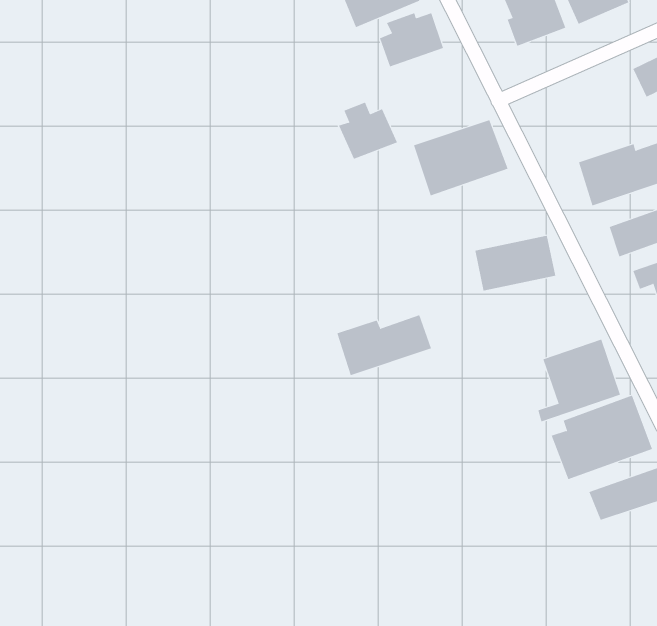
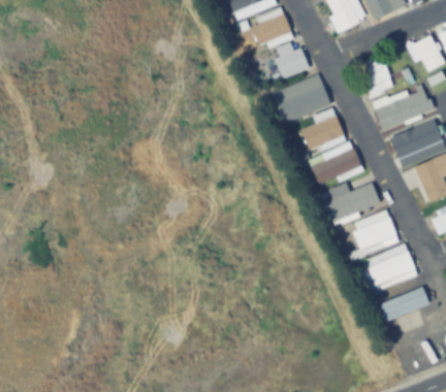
building: none -> [361,56,392,93]
building: [338,102,398,160] -> [274,43,310,78]
building: none -> [300,110,345,153]
building: [336,315,432,376] -> [322,183,380,220]

